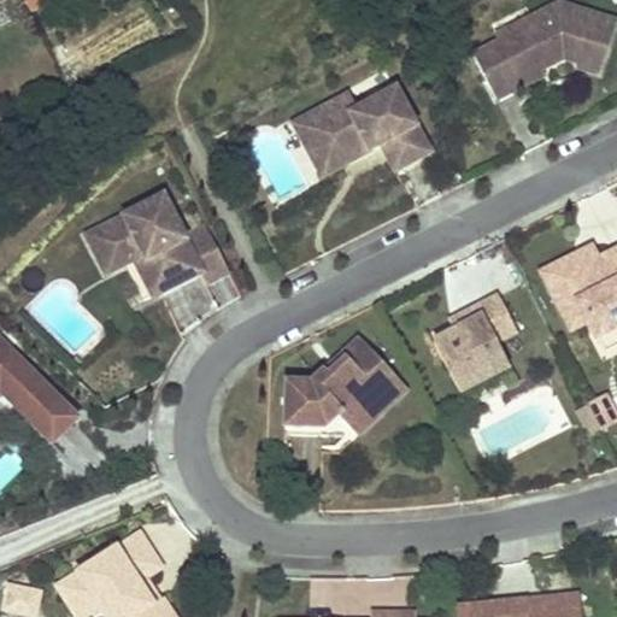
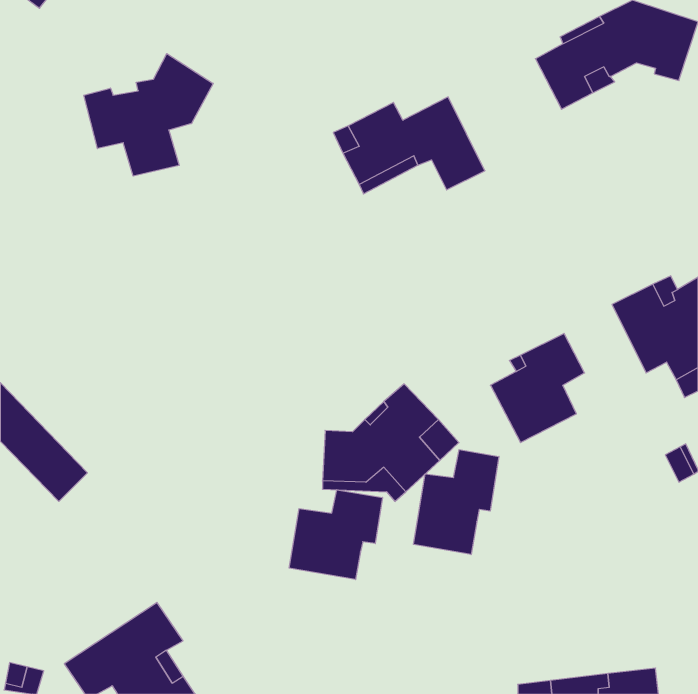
building: none -> [84,54,213,176]
building: [88,195,228,298] -> none
building: none -> [413,450,499,555]
building: none -> [289,490,382,580]

